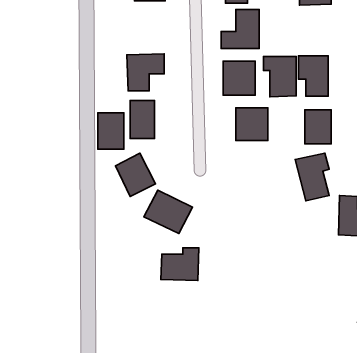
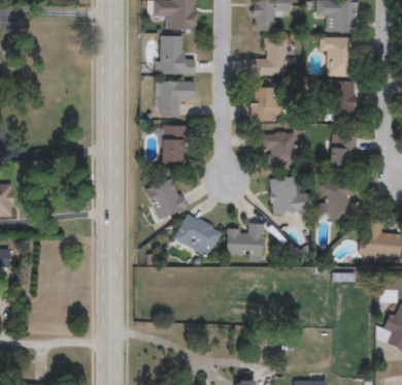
building: none -> [160,36,194,73]
building: [264,57,296,97] -> [321,37,353,76]
building: [98,113,124,149] -> none
building: none -> [270,177,309,214]
building: [161,248,199,281] -> [226,223,263,255]

